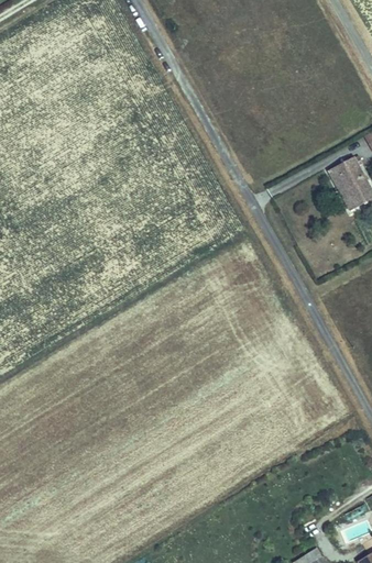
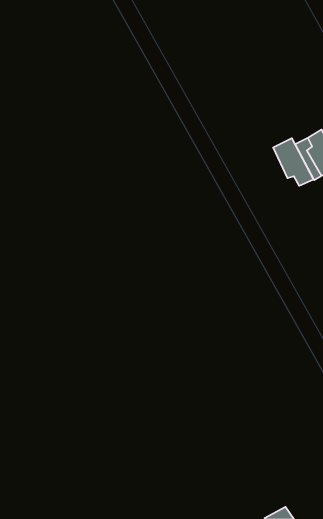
building: none -> [273,138,314,186]

